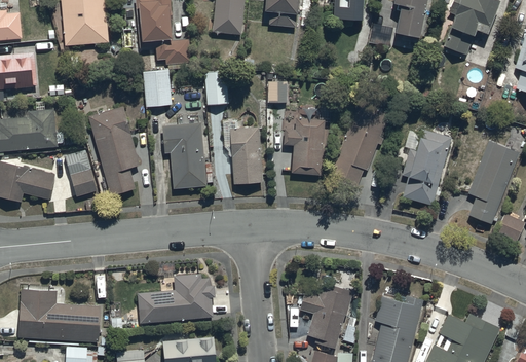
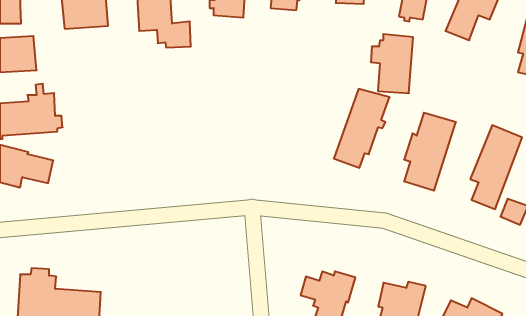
building: [142,69,172,107] -> none
building: [204,71,228,104] -> none
building: [267,81,287,103] -> none
building: [87,106,140,195] -> none
building: [284,117,326,176] -> [371,34,413,93]
building: [223,119,263,184] -> none
building: [161,122,213,188] -> none
building: [64,150,100,204] -> none
building: [137,274,215,323] -> none

